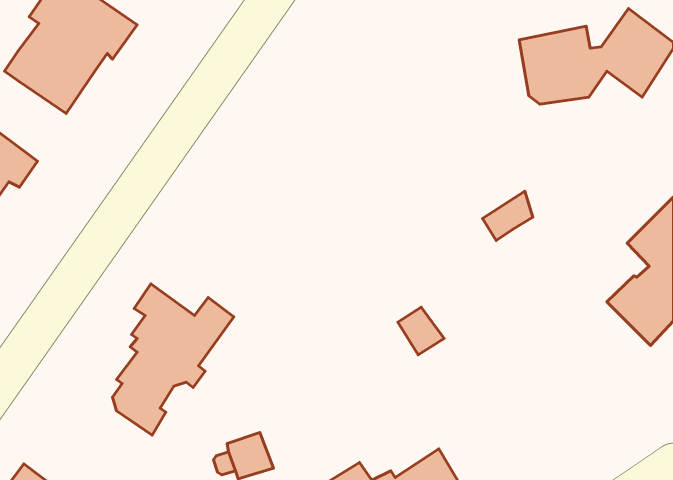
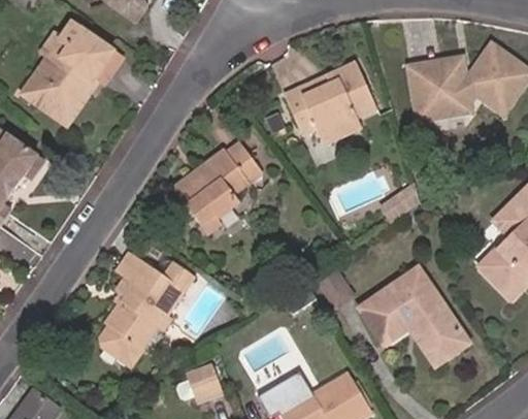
building: none -> [285,63,375,143]
building: none -> [173,141,261,234]
building: none -> [359,267,468,364]

